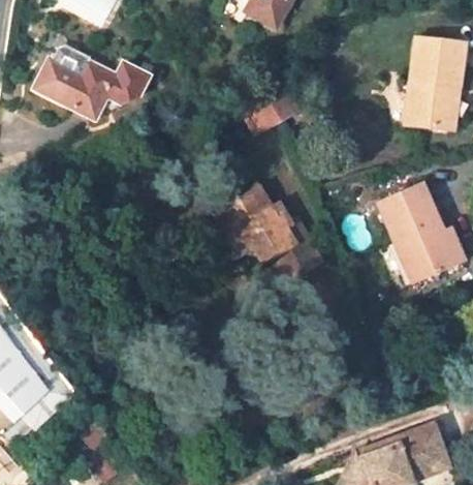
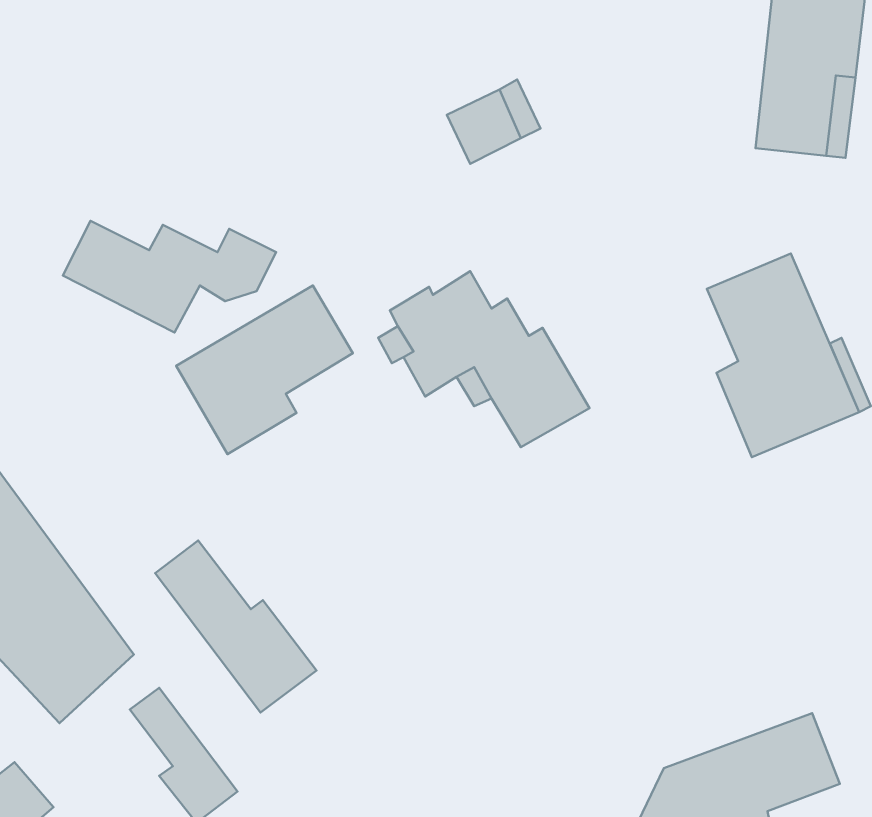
building: [36,60,149,119] -> [63,221,276,332]
building: none -> [176,286,353,454]
building: none -> [155,541,317,713]

